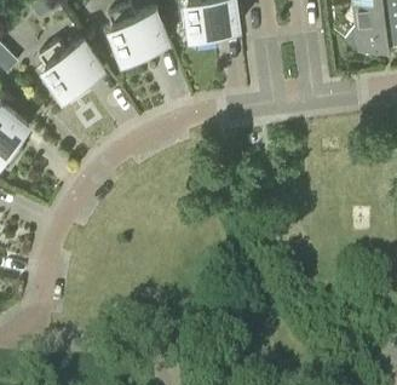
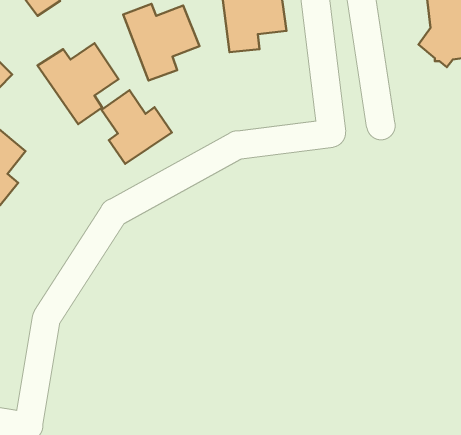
building: none -> [102,90,172,164]

